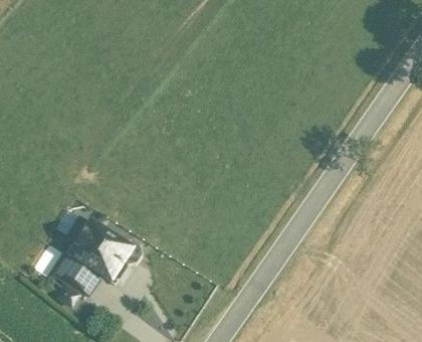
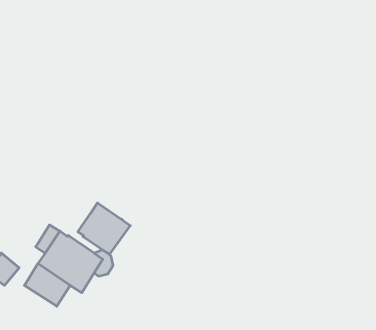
building: none -> [78,203,130,254]

